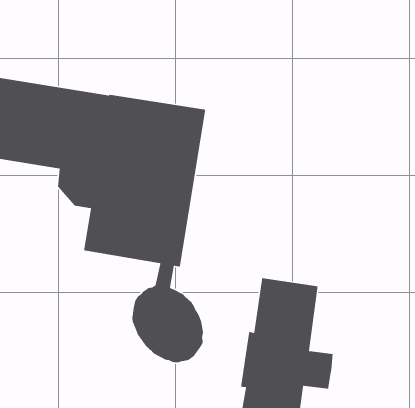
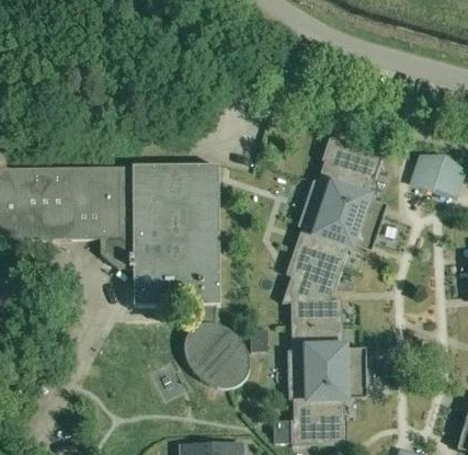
building: none -> [283,133,385,300]

